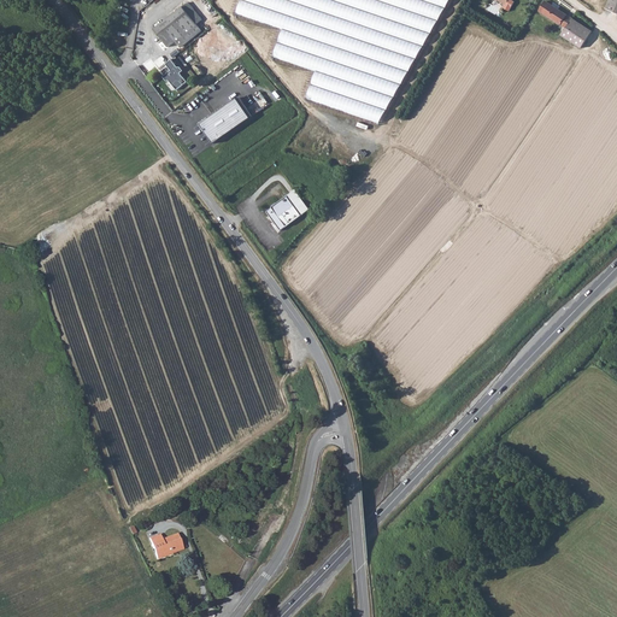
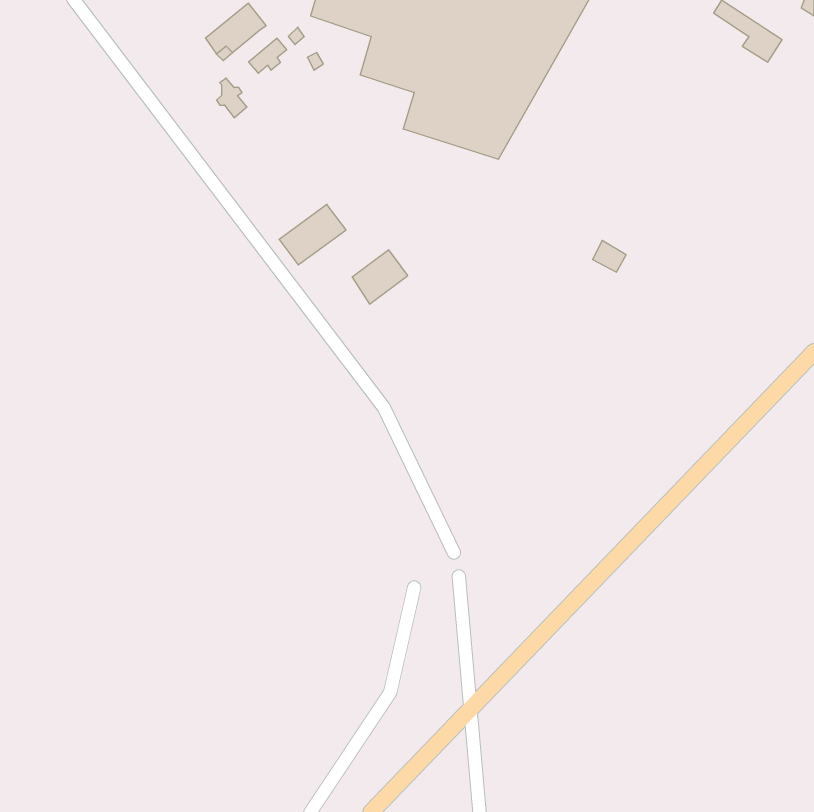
building: [200,99,251,145] -> [279,204,346,265]
building: [149,531,182,558] -> none

